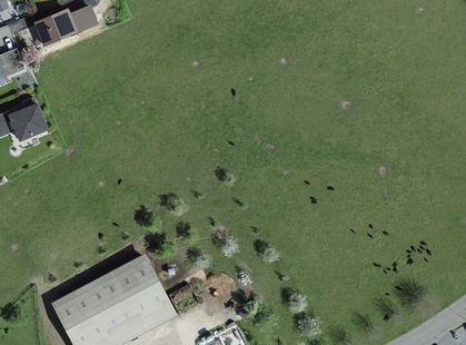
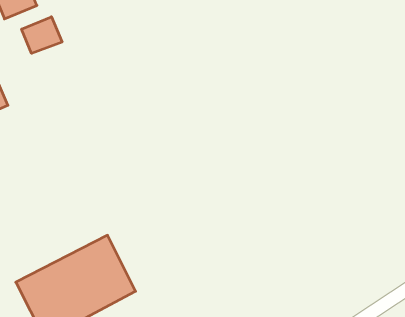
building: none -> [22,17,62,53]

